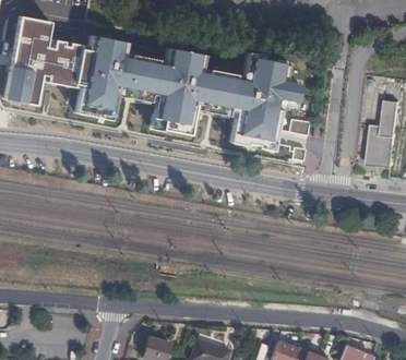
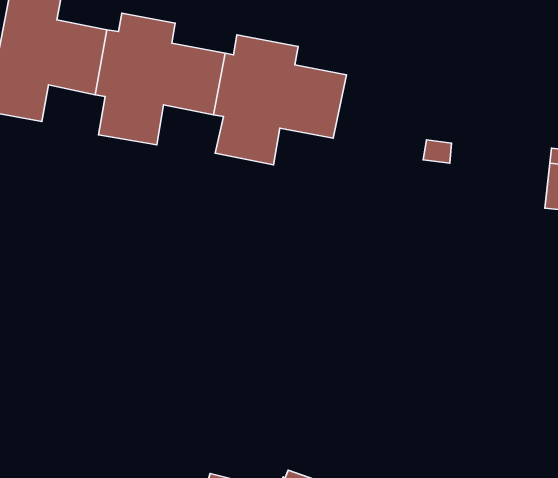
building: [229,56,304,153] -> none

